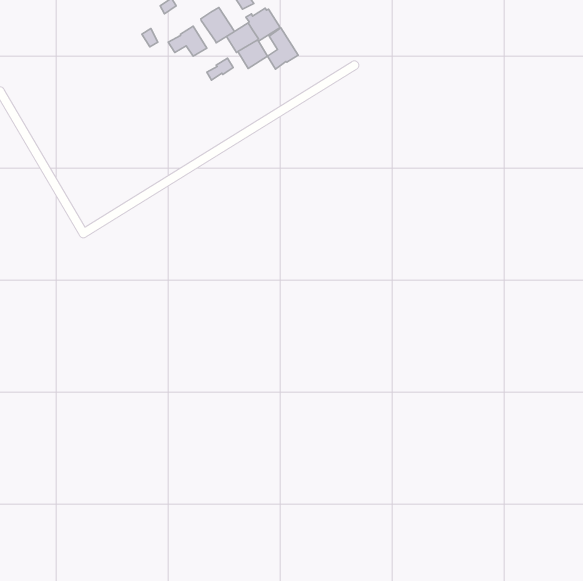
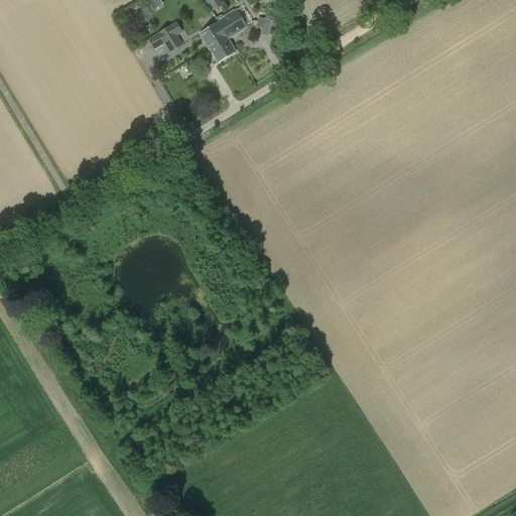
building: [201,7,234,43] -> none
building: [267,28,298,69] -> none

